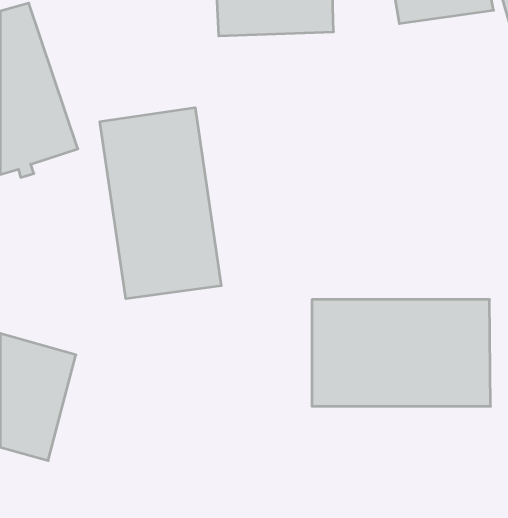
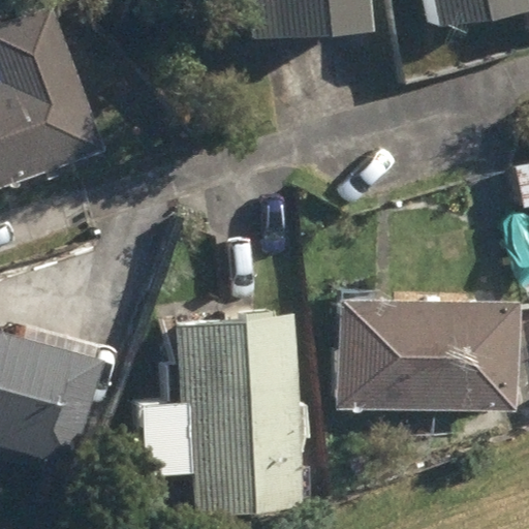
building: [100,108,221,299] -> none
building: none -> [158,314,299,518]

